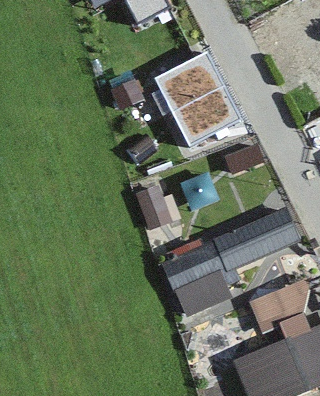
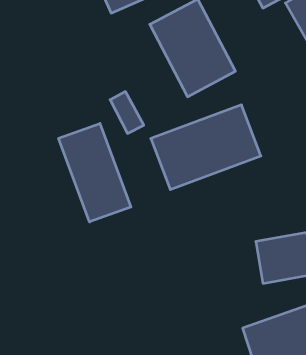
building: none -> [59,123,131,222]
building: [167,207,308,290] -> none

